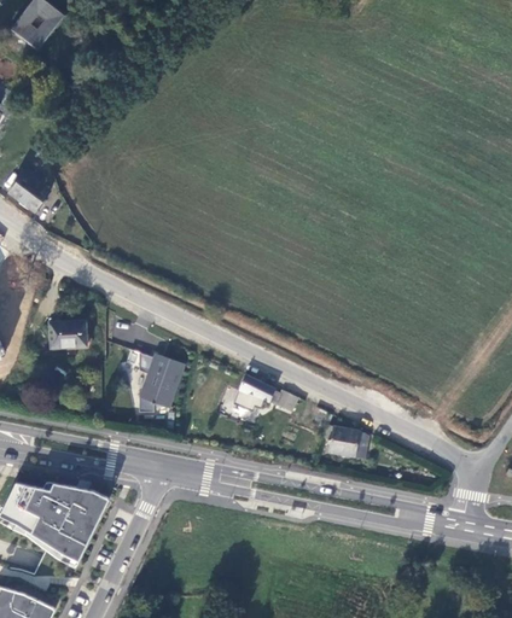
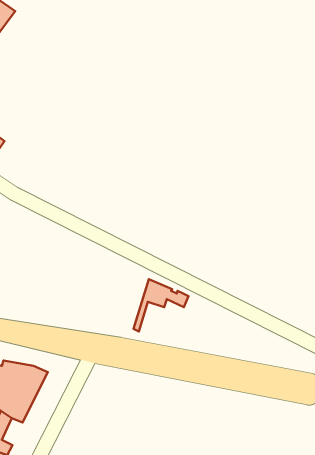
building: [51,320,87,349] -> none
building: [130,348,182,410] -> none
building: [319,425,368,457] -> none

